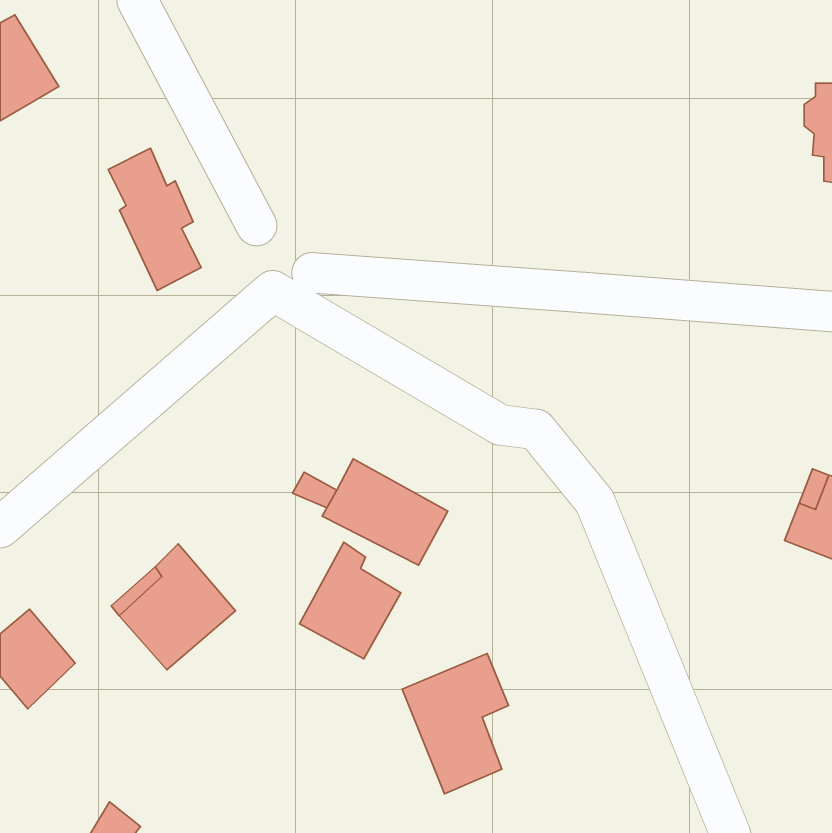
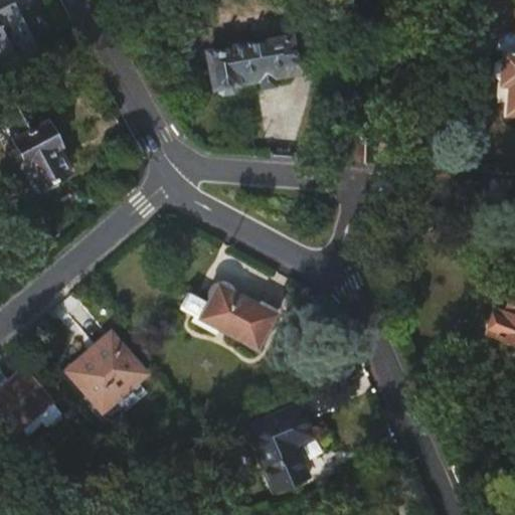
building: none -> [210,36,297,92]
building: [108,148,201,290] -> [11,101,68,188]
building: [300,542,401,659] -> none

